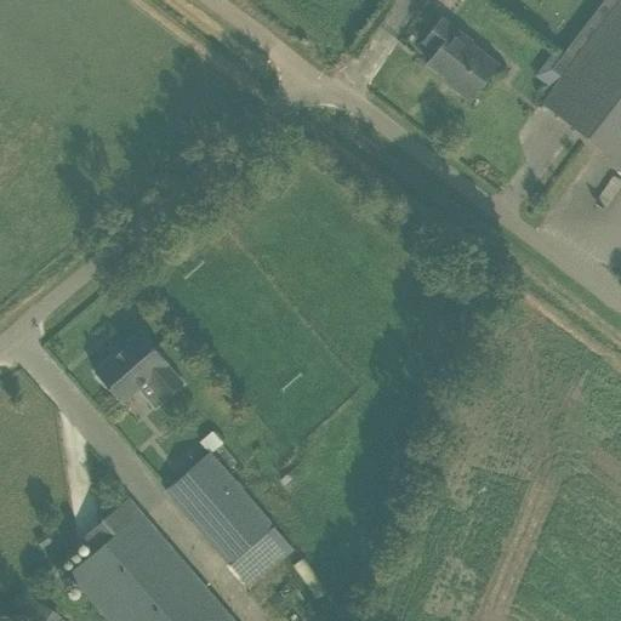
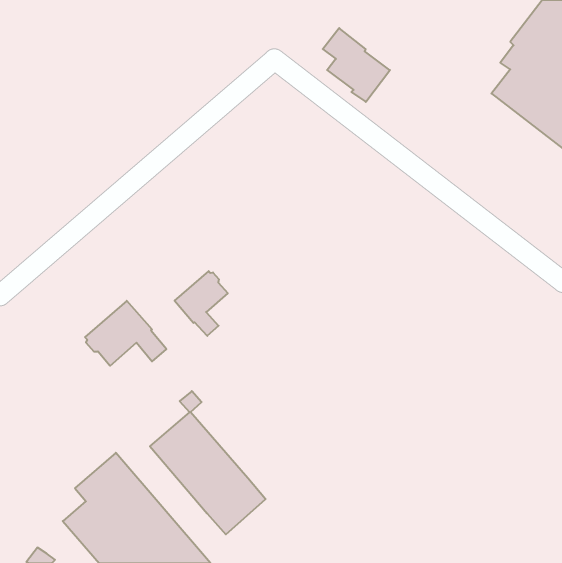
building: [423,18,497,99] -> [323,28,390,102]
building: none -> [175,271,228,336]

